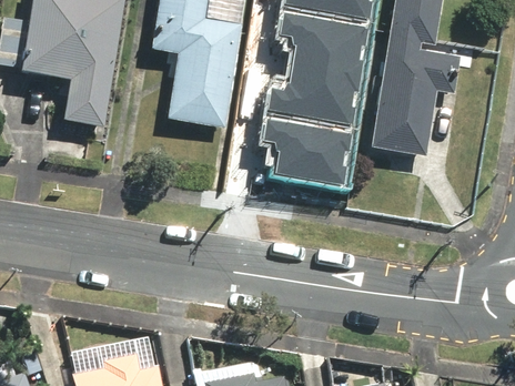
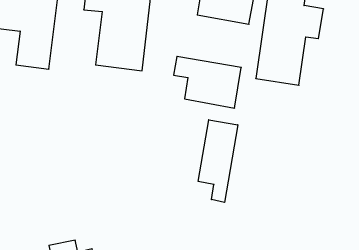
building: [274,59,364,120] -> none
building: none -> [198,120,238,202]

